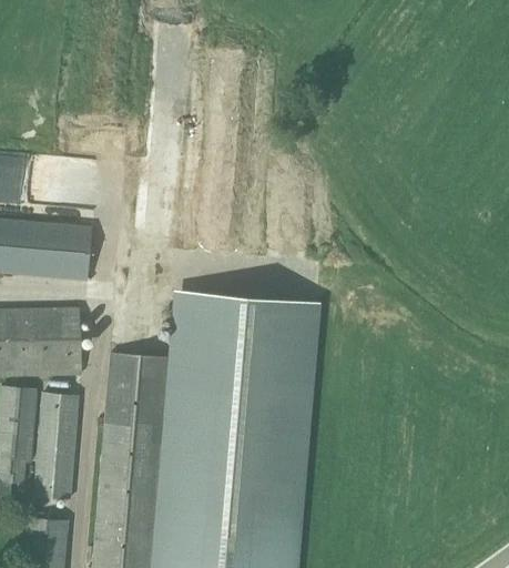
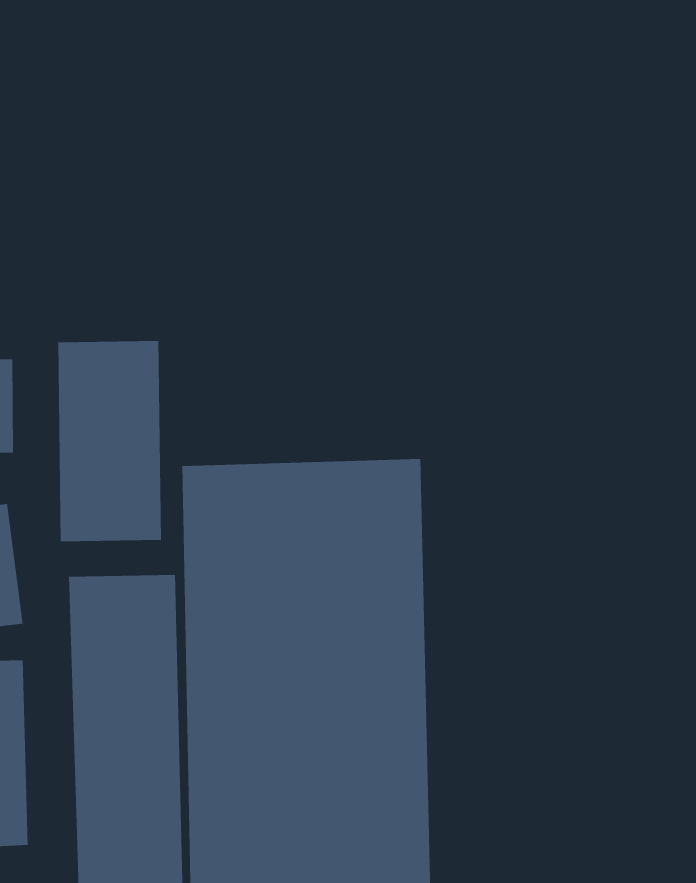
building: none -> [58,340,162,542]

